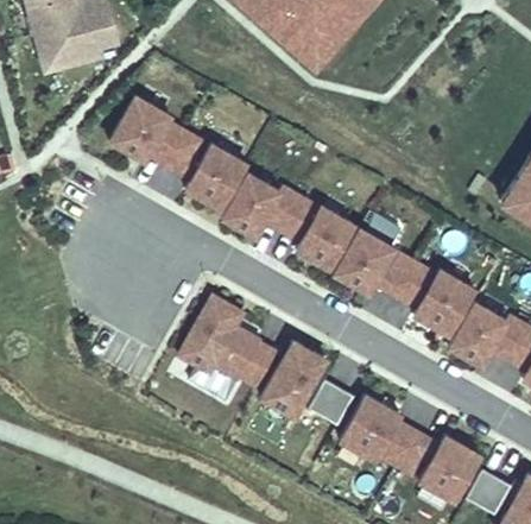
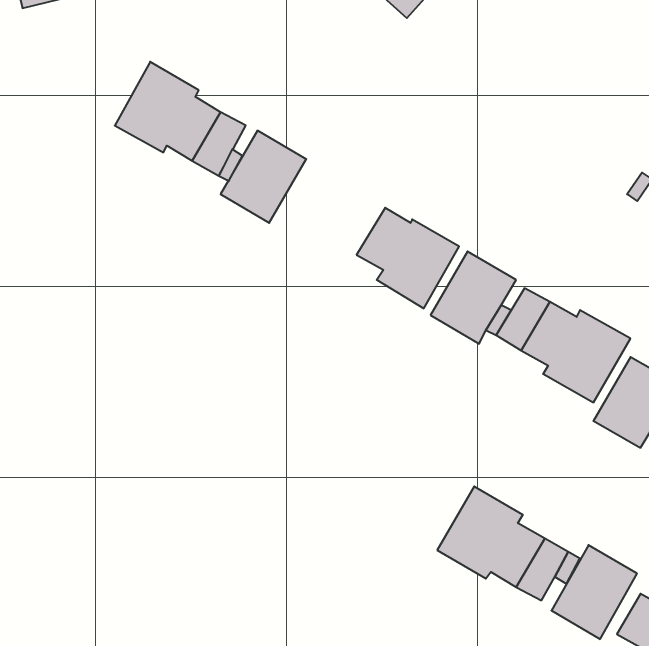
building: [221,172,302,236] -> none
building: [178,295,276,386] -> none
building: [260,341,325,416] -> none
building: [308,380,354,425] -> none

